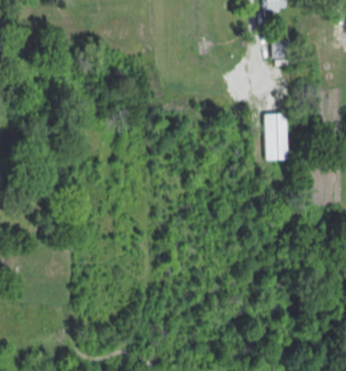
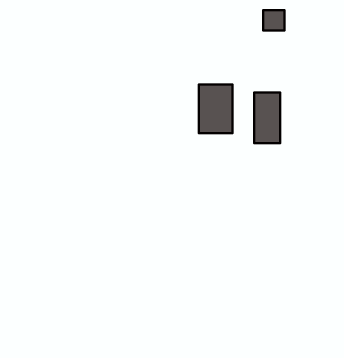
building: none -> [199,85,233,133]

